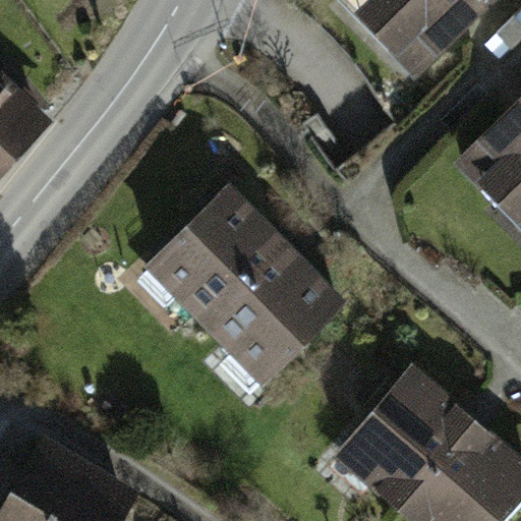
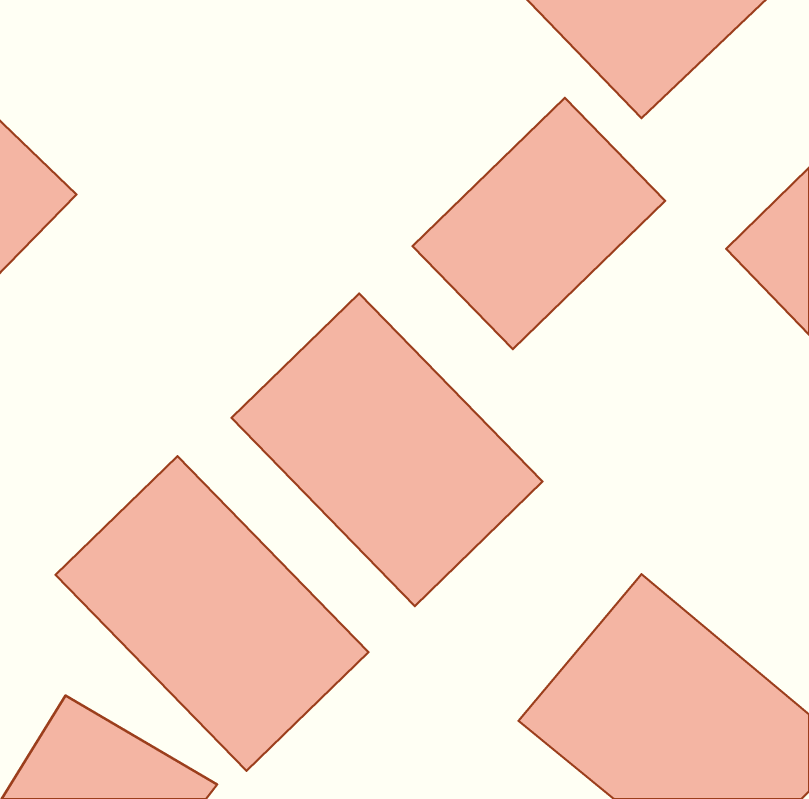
building: none -> [413,98,665,349]
building: none -> [56,456,369,771]

